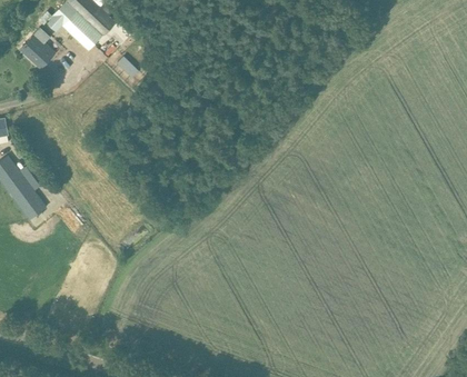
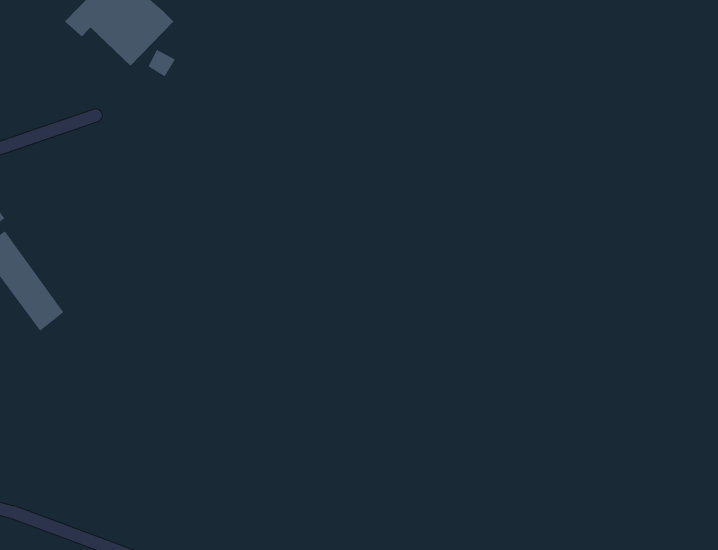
building: [20,27,53,67] -> none

